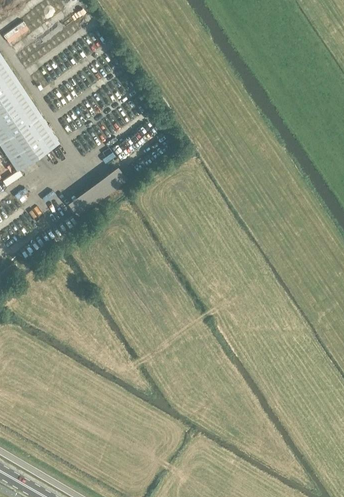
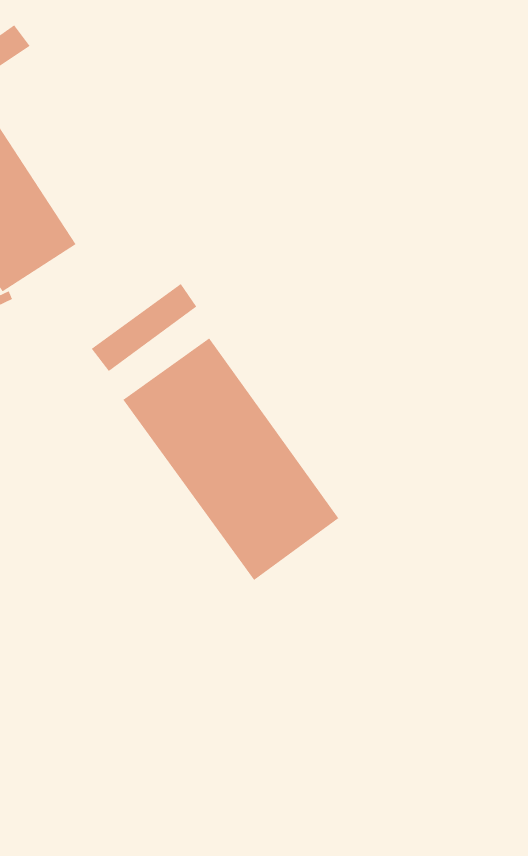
building: none -> [123,337,339,581]

